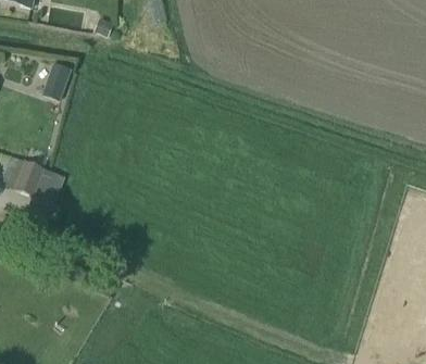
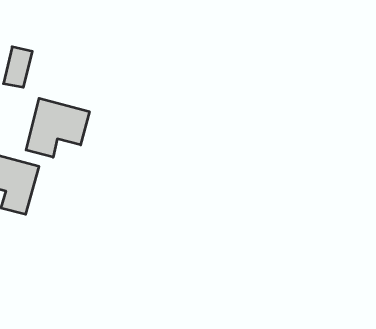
building: none -> [26,98,89,157]

